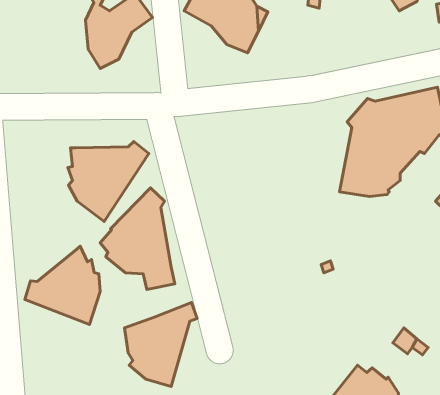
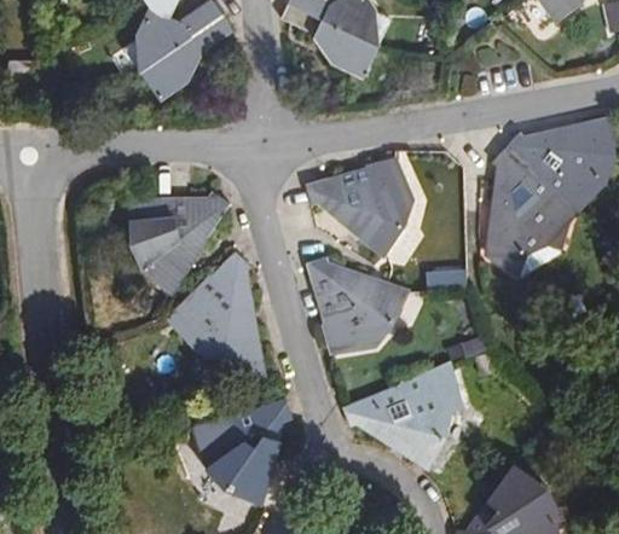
building: none -> [302,158,413,261]
building: none -> [305,254,409,350]
building: [25,246,100,324] -> none
building: none -> [339,367,461,477]

